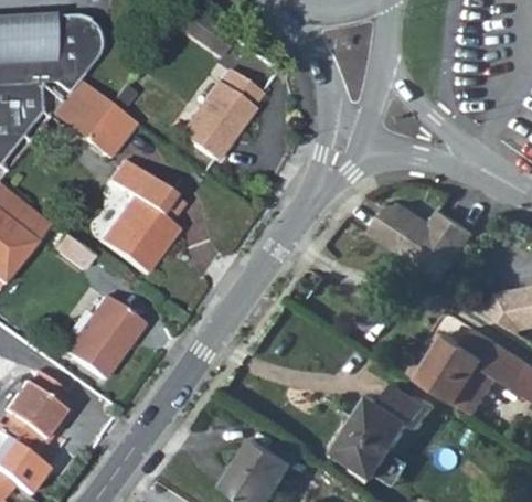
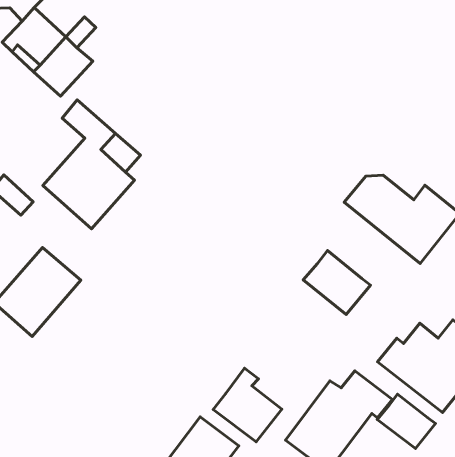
building: [179,71,262,162] -> none
building: none -> [303,251,371,315]
building: none -> [213,368,282,442]
building: none -> [377,394,435,449]

